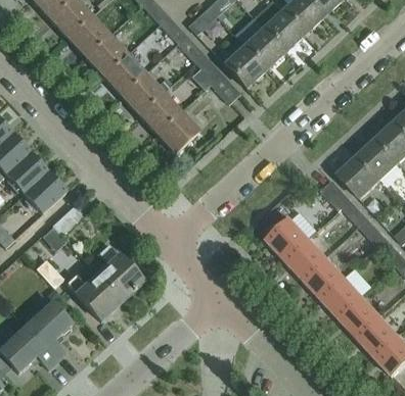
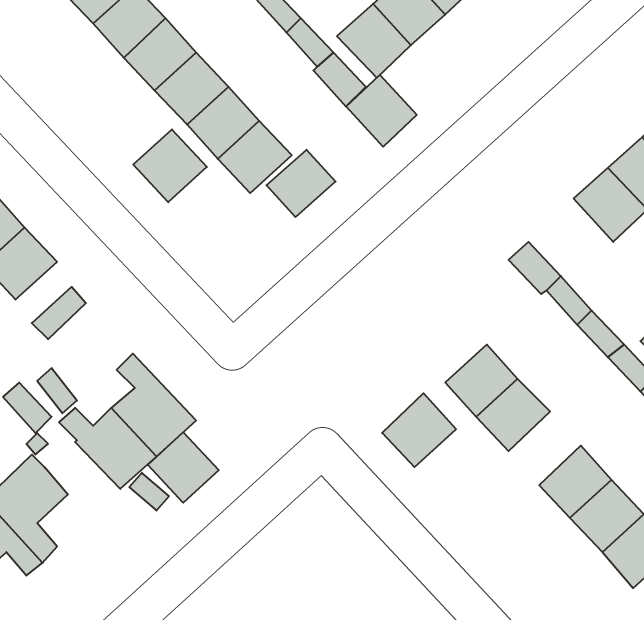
building: none -> [346,75,417,147]
building: none -> [133,129,207,202]
building: none -> [266,150,336,217]
building: [339,155,380,198] -> none
building: [267,217,309,259] -> [382,393,456,467]
building: [321,276,362,317] -> none
building: none -> [148,432,219,503]

